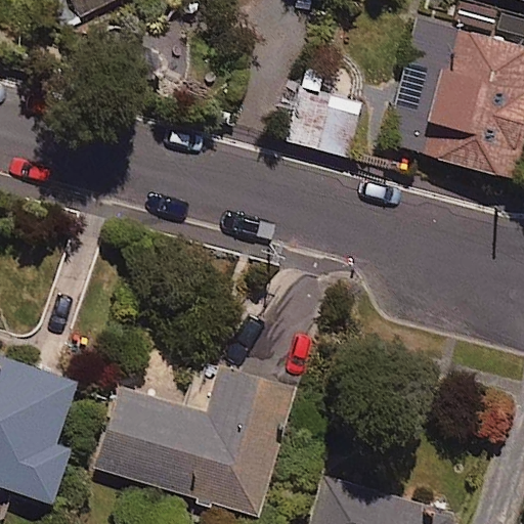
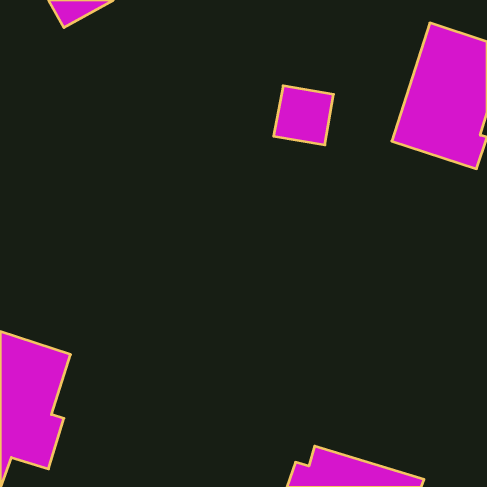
building: [97,365,294,514] -> none

